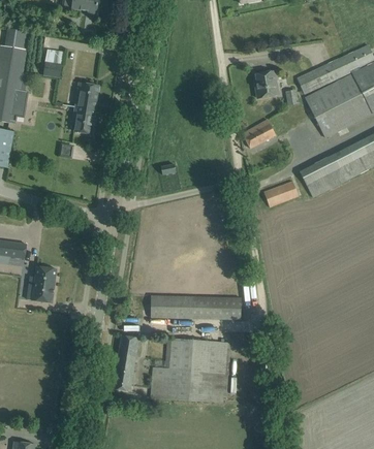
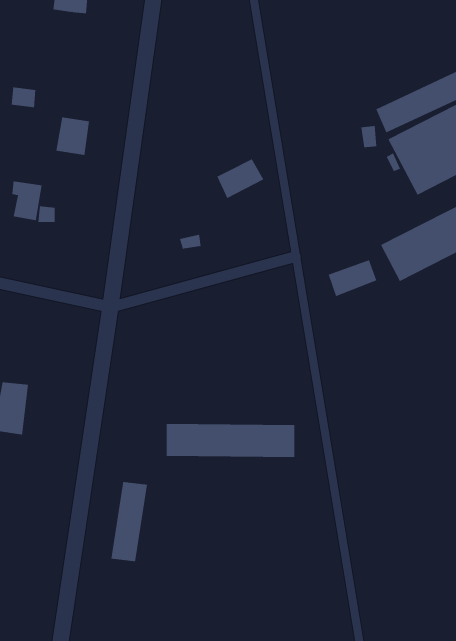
building: [255,71,278,98] -> none
building: [73,106,95,134] -> [11,181,43,221]
building: [243,121,276,149] -> [217,159,264,199]
building: [151,338,227,402] -> none

